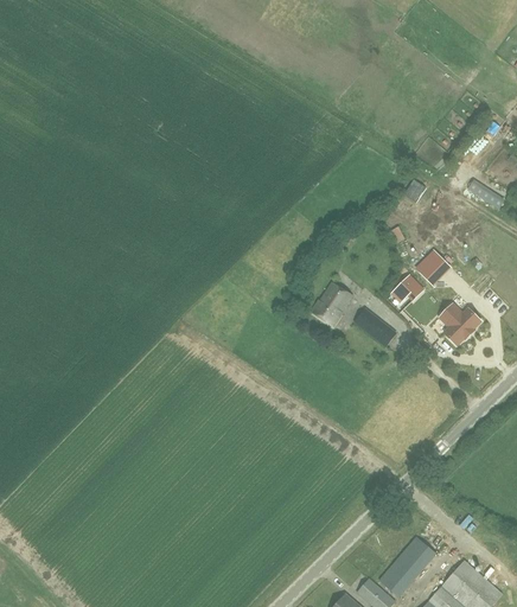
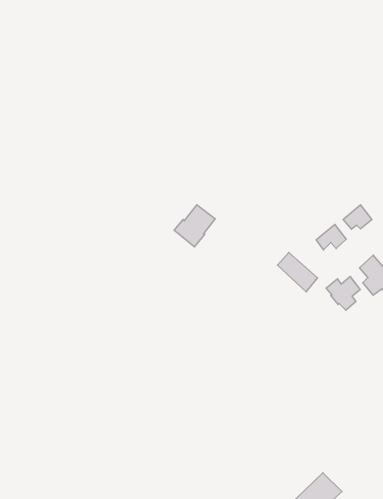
building: [309,282,351,326] -> [174,205,215,247]
building: none -> [326,276,360,310]

